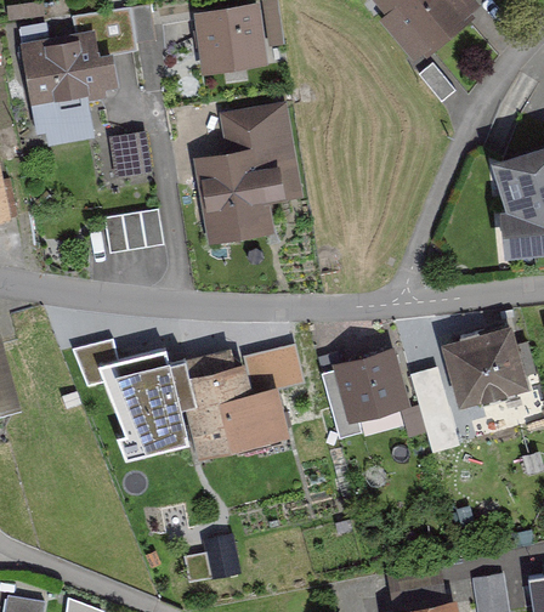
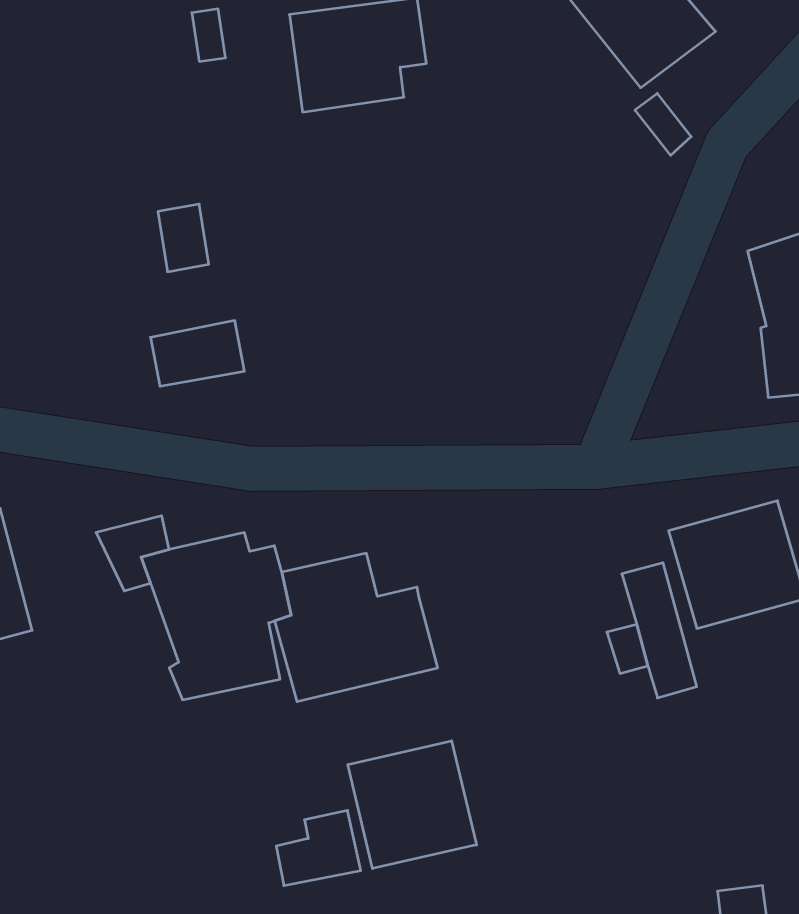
building: [19,28,117,135] -> none
building: [194,102,302,245] -> none
building: [243,342,304,390] -> none
building: [334,347,413,423] -> none
building: none -> [348,741,477,869]

